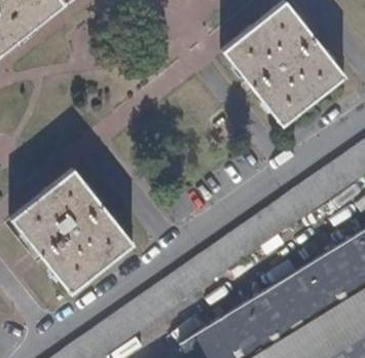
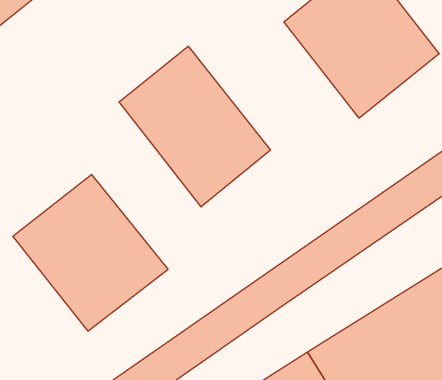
building: none -> [119,46,271,207]

